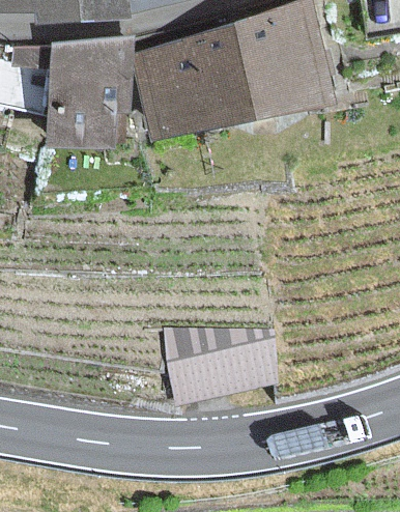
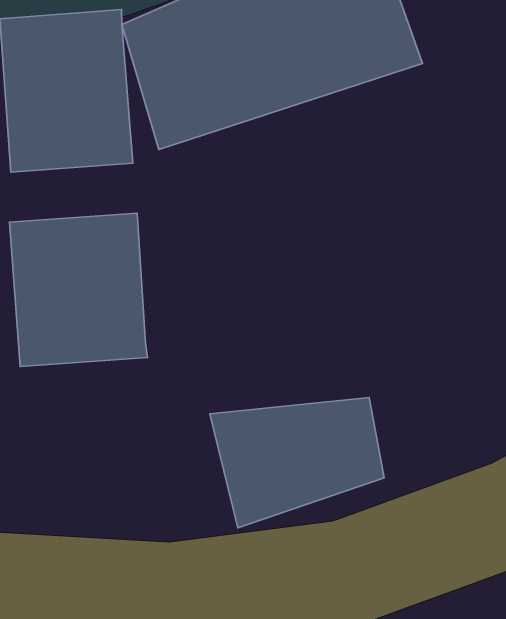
building: none -> [10,213,148,366]

